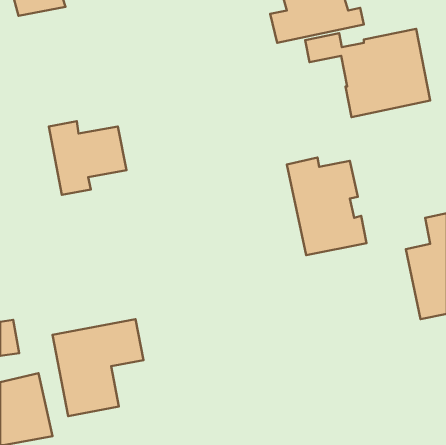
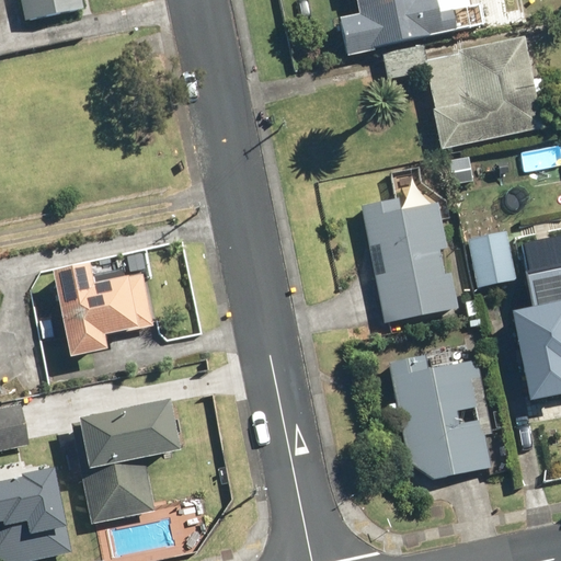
building: [49,121,127,195] -> [54,265,151,357]
building: none -> [471,231,518,285]
building: none -> [389,351,494,476]

